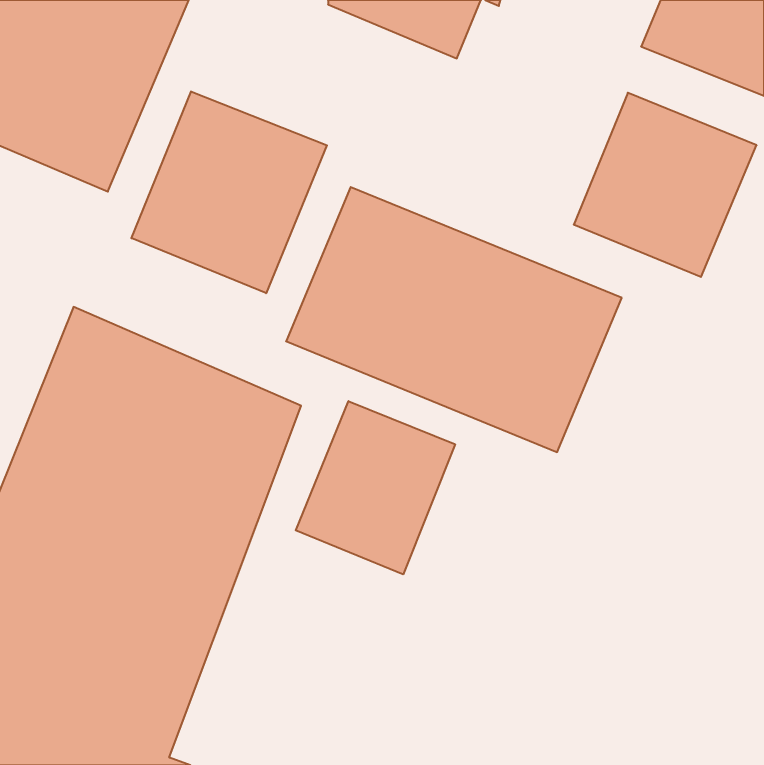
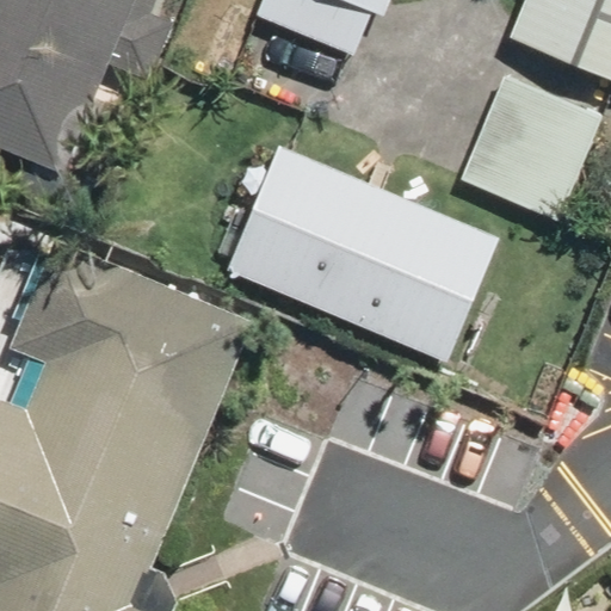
building: [131,91,327,293] -> none
building: [296,401,455,574] -> none

